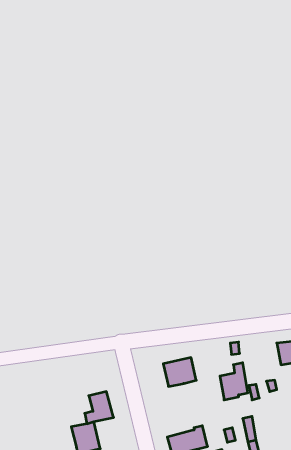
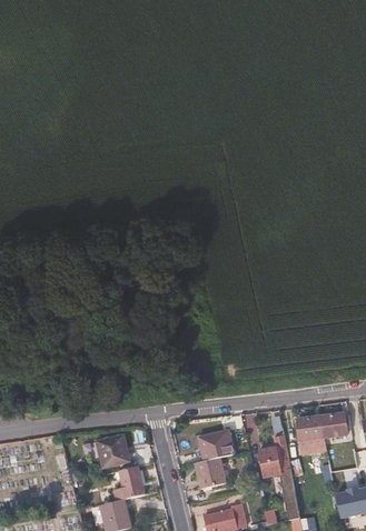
building: none -> [297,414,325,440]
building: none -> [96,435,128,467]
building: none -> [194,458,226,489]

